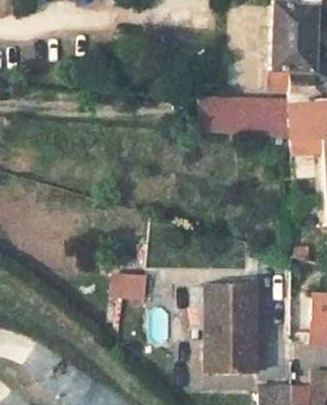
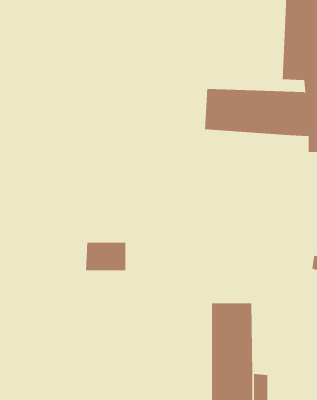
building: [112,271,148,296] -> [85,242,126,271]

